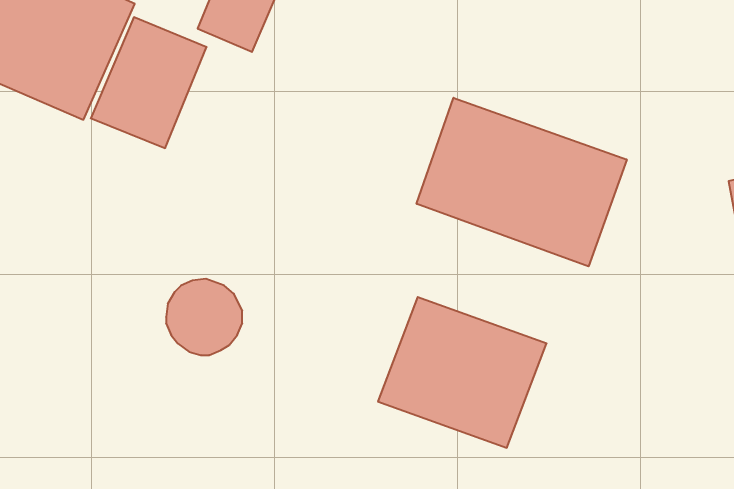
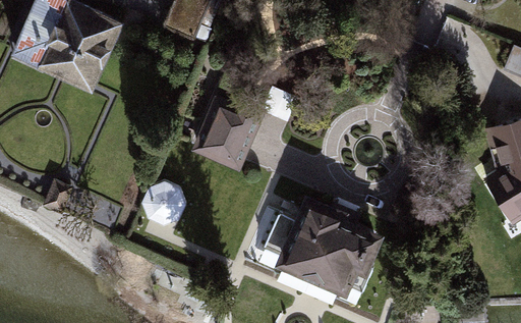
building: [91,17,207,148] -> [192,91,264,171]
building: [417,98,627,266] -> none

